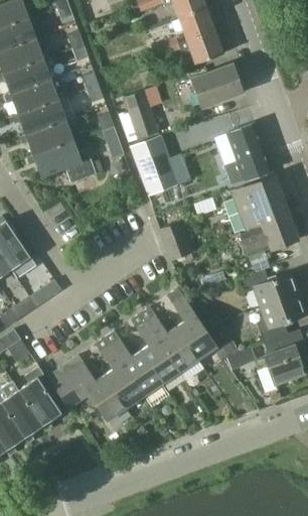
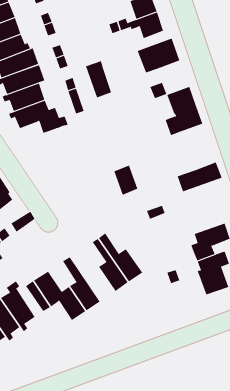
building: [130,136,178,196] -> none
building: [222,176,289,232] -> none
building: [237,270,299,308] -> none
building: [167,287,215,357] -> none
building: [105,331,161,393] -> none

